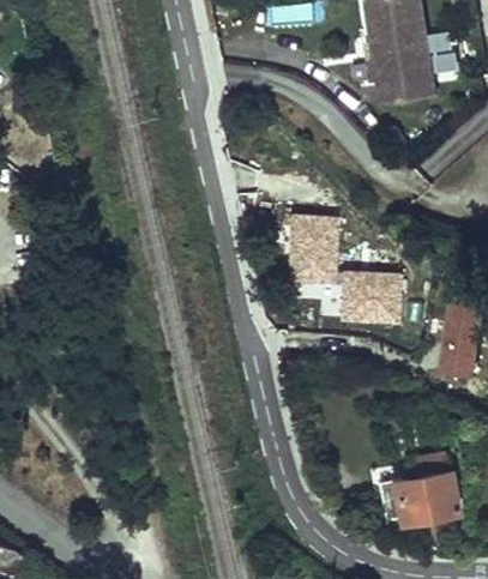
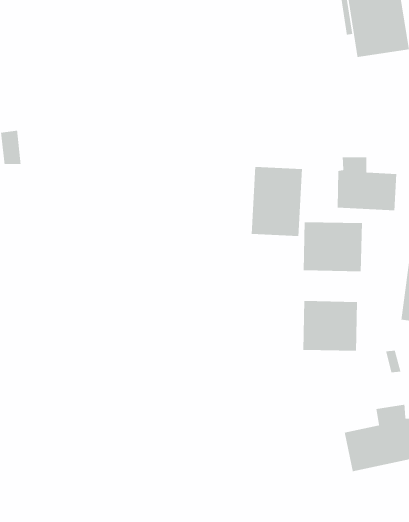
building: none -> [337,156,397,211]
building: none -> [303,300,358,352]

